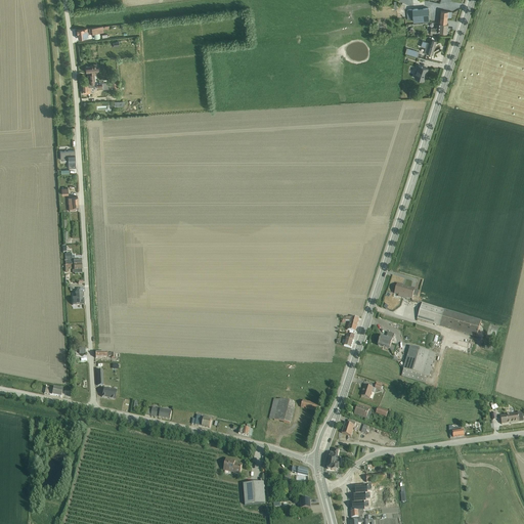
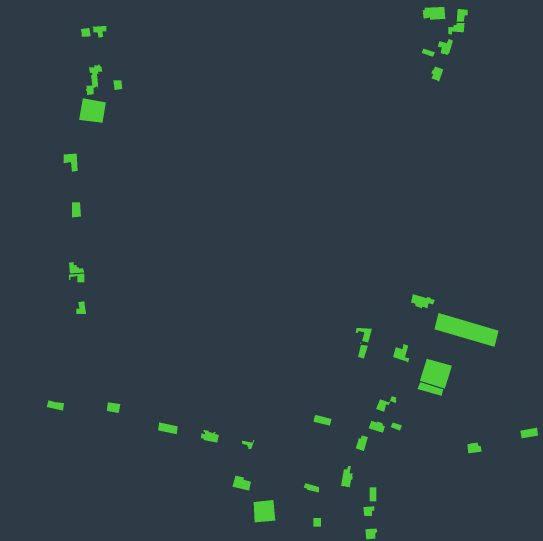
building: none -> [79,98,107,124]
building: [269,396,295,423] -> none

